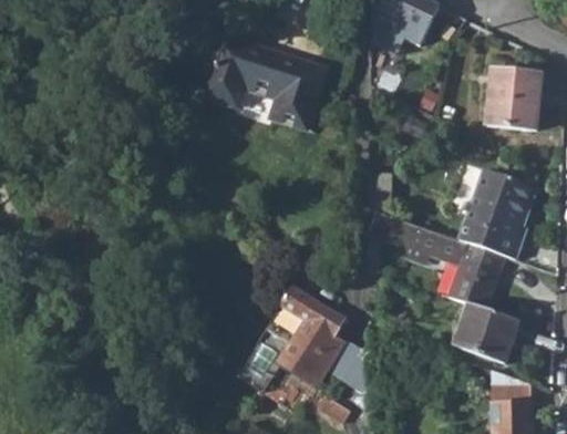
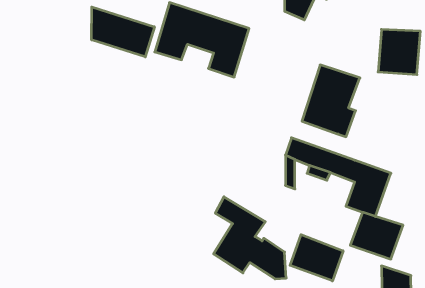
building: none -> [92,7,154,57]
building: [458,166,533,258] -> [302,65,360,137]
building: none -> [290,235,343,281]

